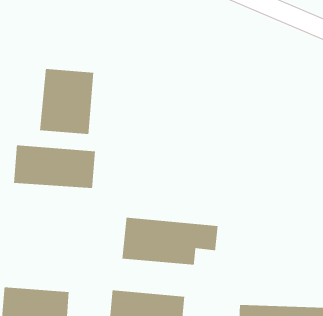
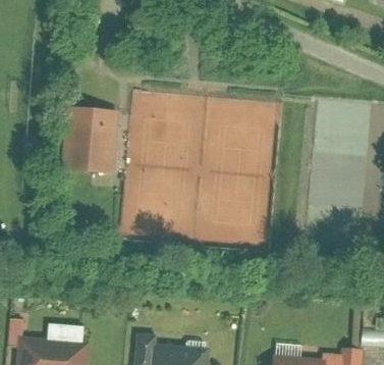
building: [13,145,96,189] -> none
building: [122,217,218,266] -> none

